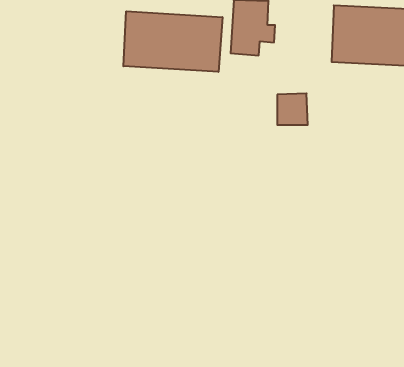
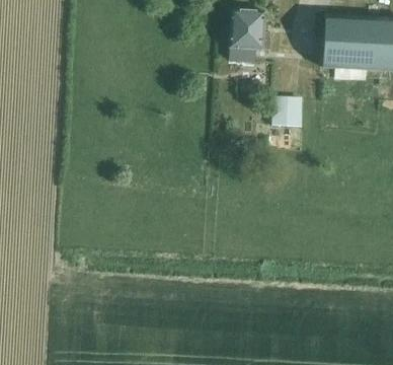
building: [123,11,222,72] -> none

